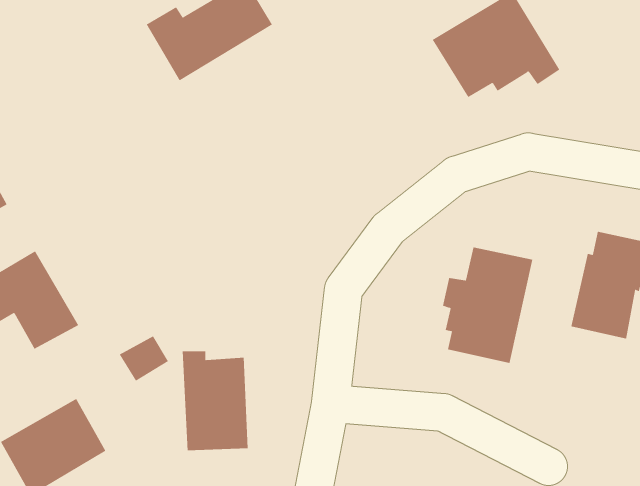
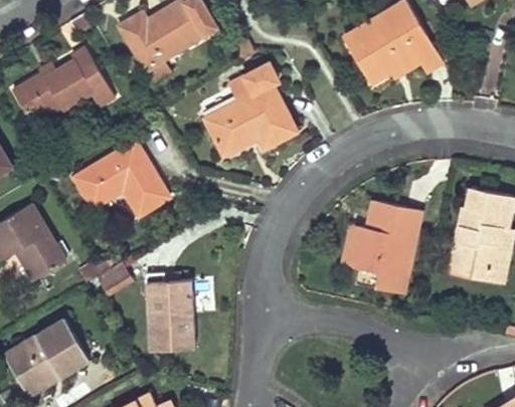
building: none -> [13,48,115,125]
building: none -> [204,68,298,156]
building: none -> [72,140,169,216]

